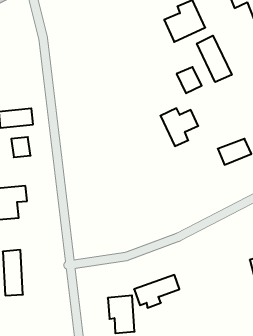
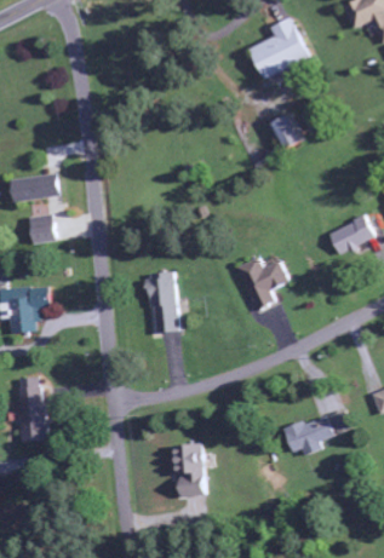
building: [197,36,232,82] -> none
building: [160,108,198,146] -> [236,257,291,311]
building: none -> [149,272,179,333]
building: [134,275,179,308] -> [285,409,350,456]

